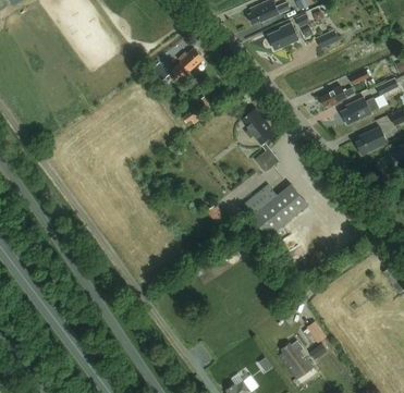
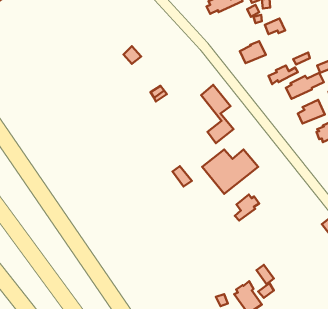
building: [268,23,298,49] -> [240,41,266,63]
building: [171,47,204,78] -> none
building: none -> [235,195,259,221]

